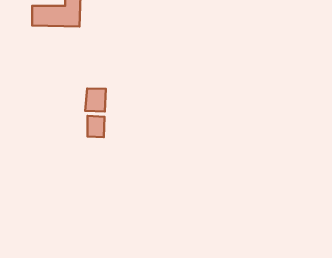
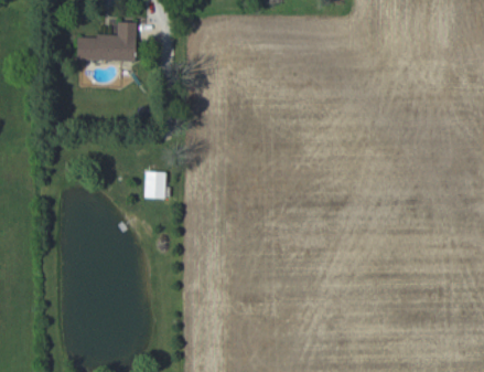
building: [85,88,106,112] -> none

